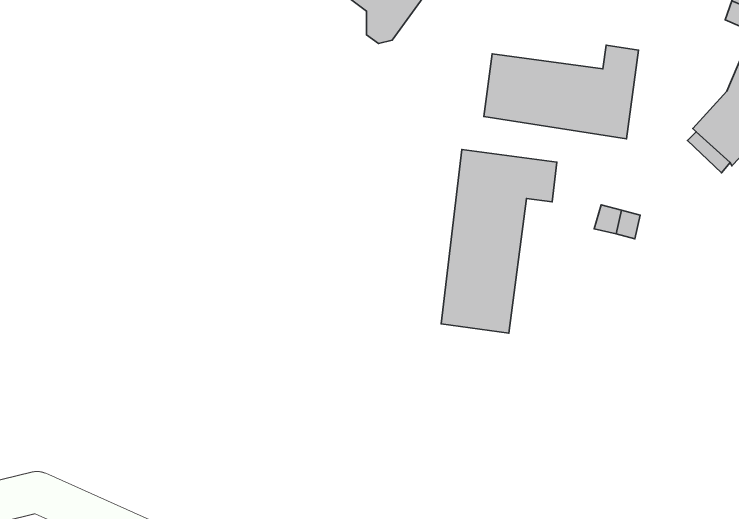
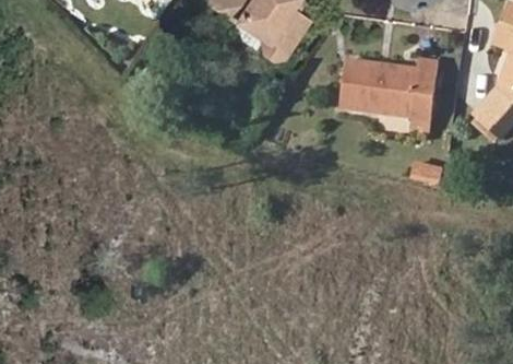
building: [441,149,557,333] -> none

